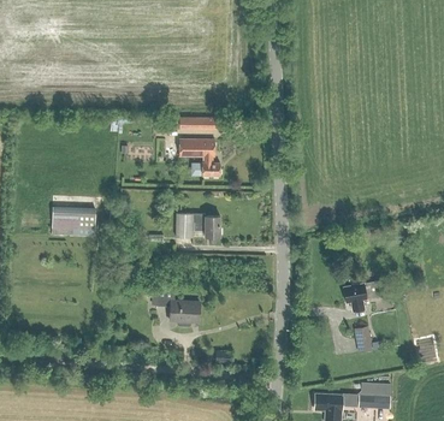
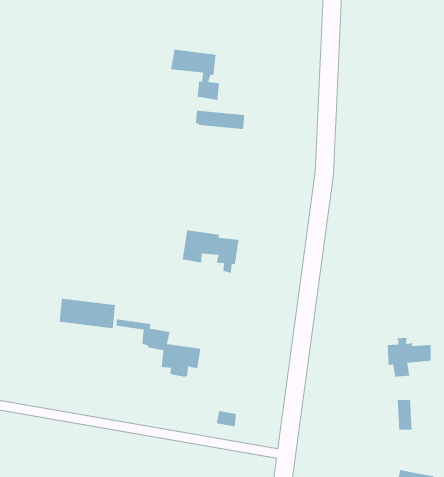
building: [179,138,219,176] -> [170,49,220,101]
building: [52,208,95,229] -> [59,298,116,329]

